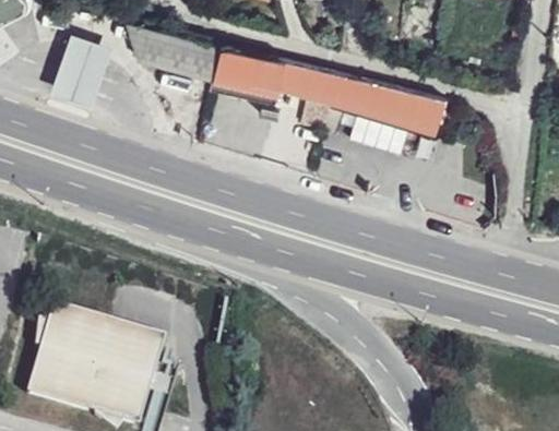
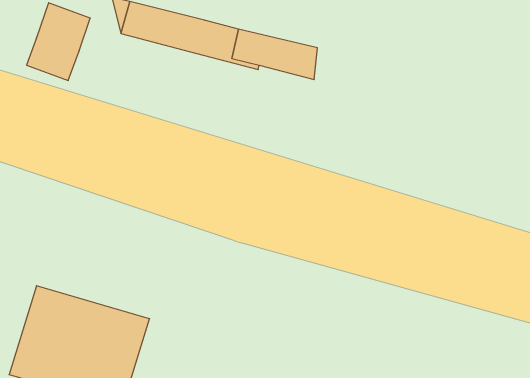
building: [329,74,443,132] -> none

